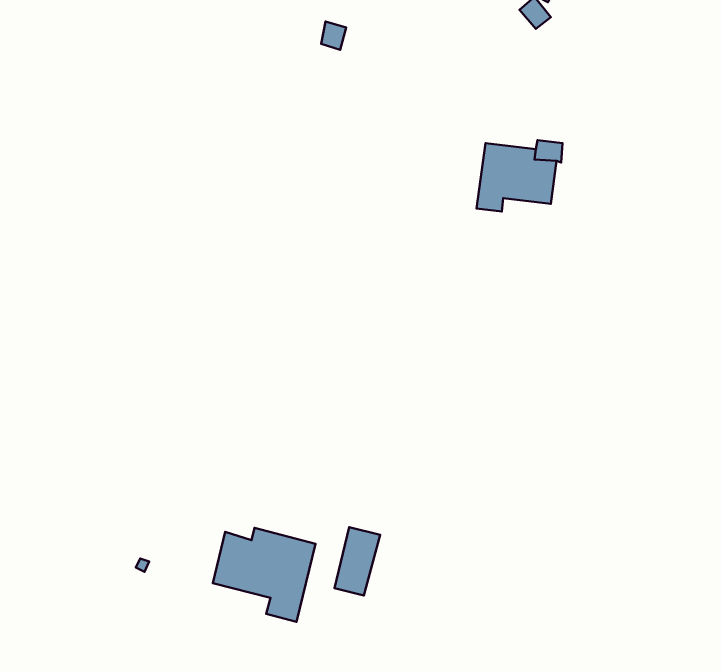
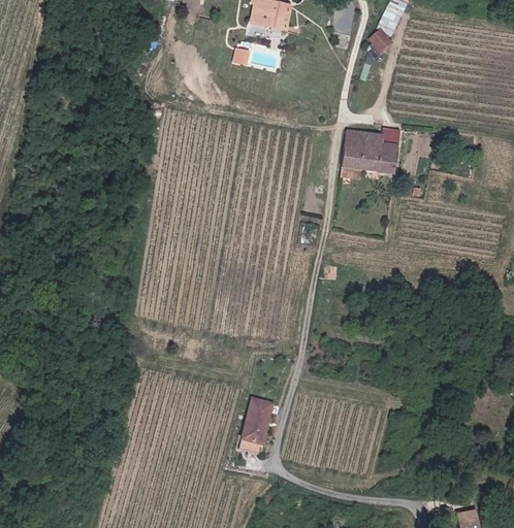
building: [213,528,316,622] -> none

